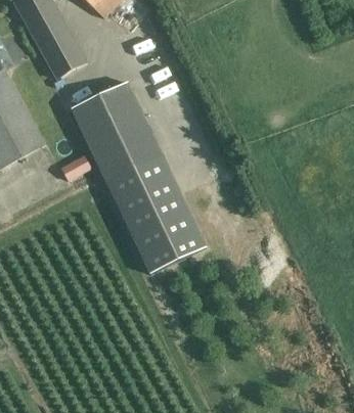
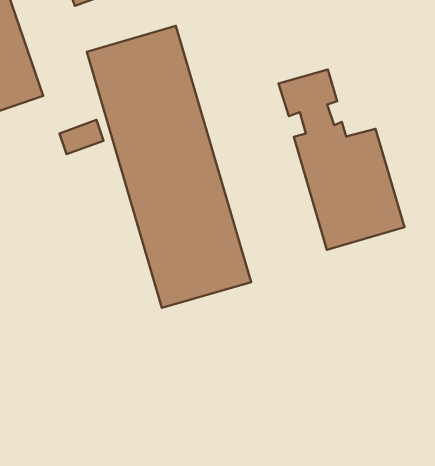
building: none -> [279,69,404,250]

